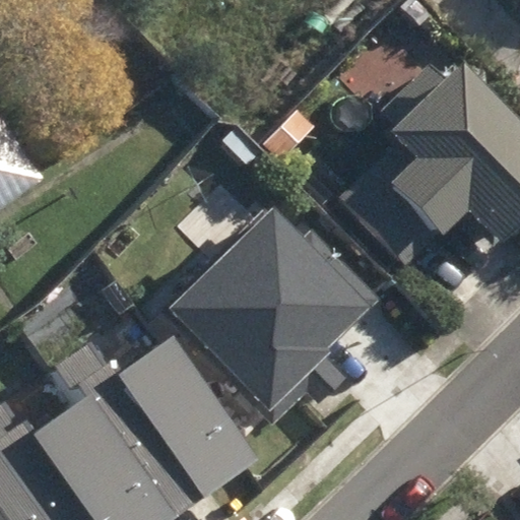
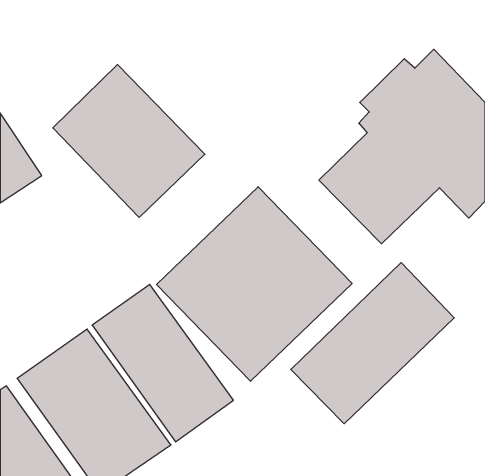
building: none -> [53,65,205,217]
building: none -> [291,263,454,424]

